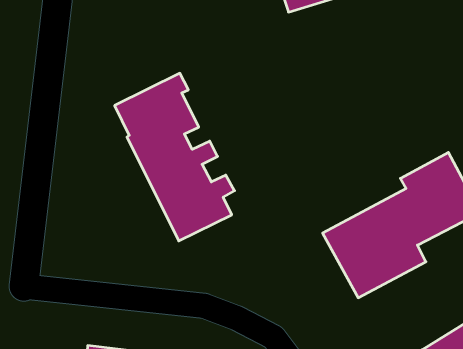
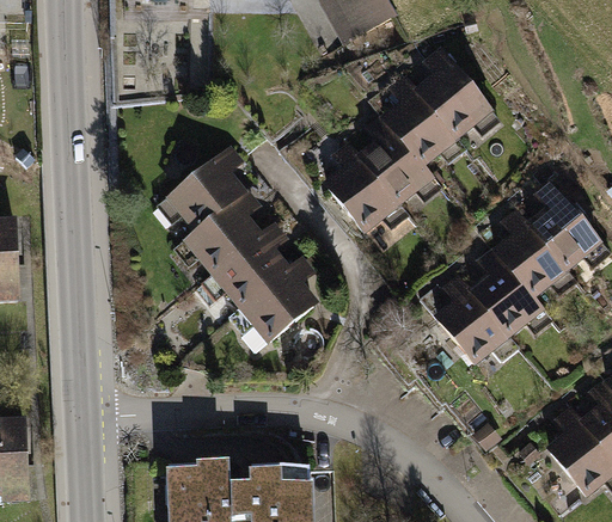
building: none -> [317,54,491,239]

